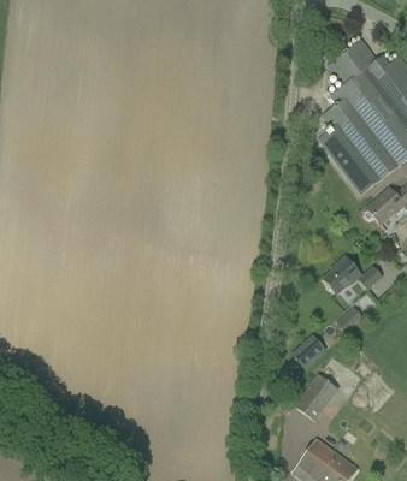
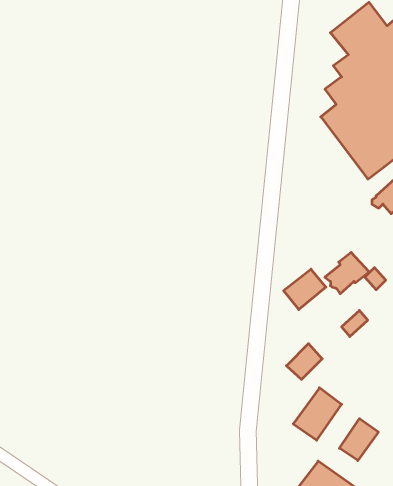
building: none -> [284,269,326,310]
building: none -> [339,419,378,461]

